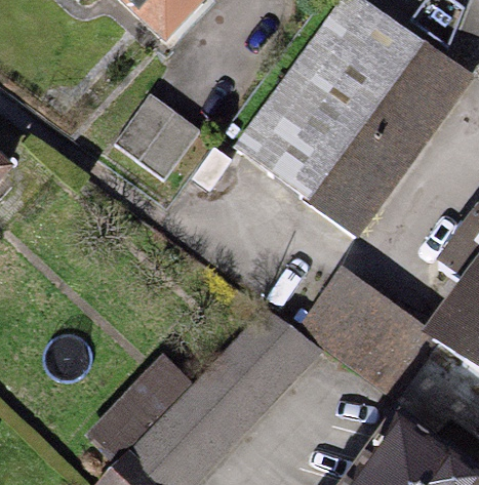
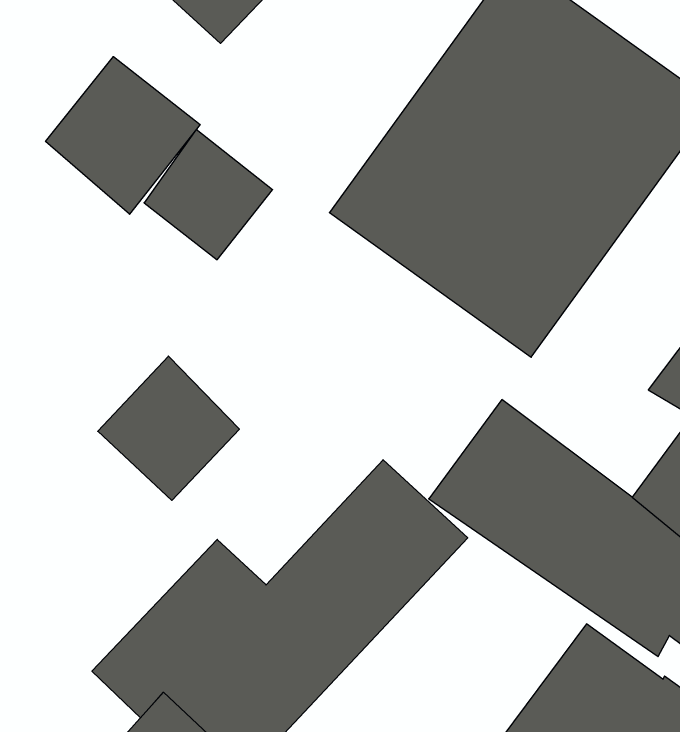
building: none -> [46,57,200,214]
building: none -> [98,356,239,500]

